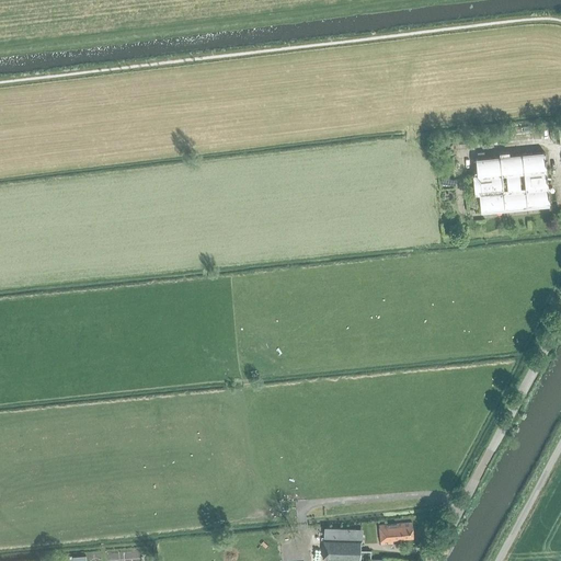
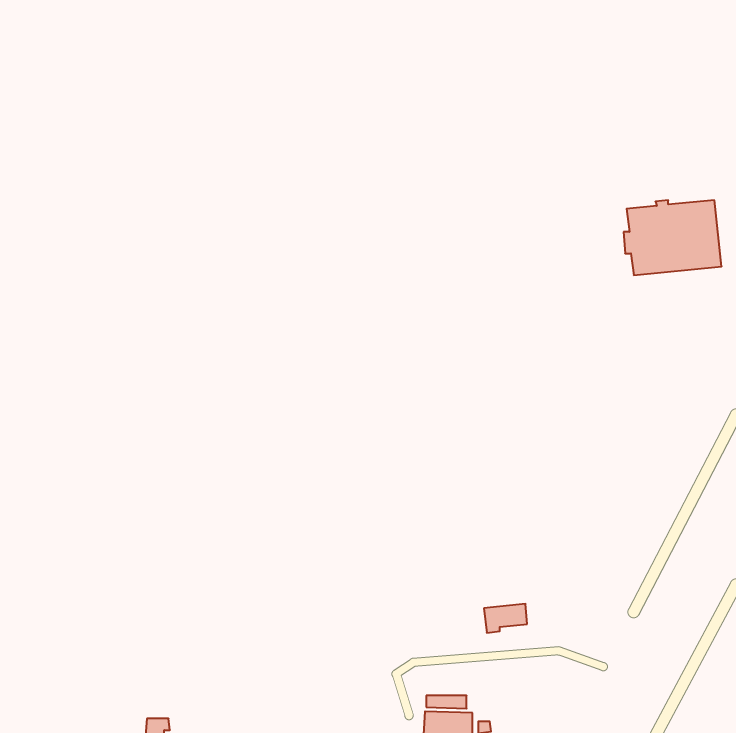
building: [379,525,412,547] -> [484,604,527,633]

